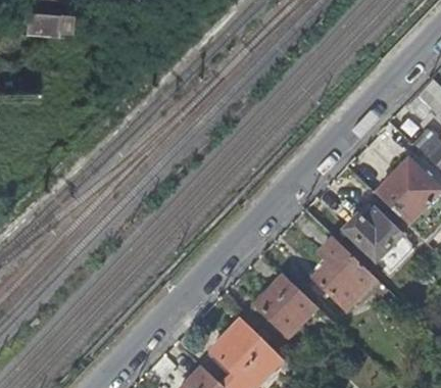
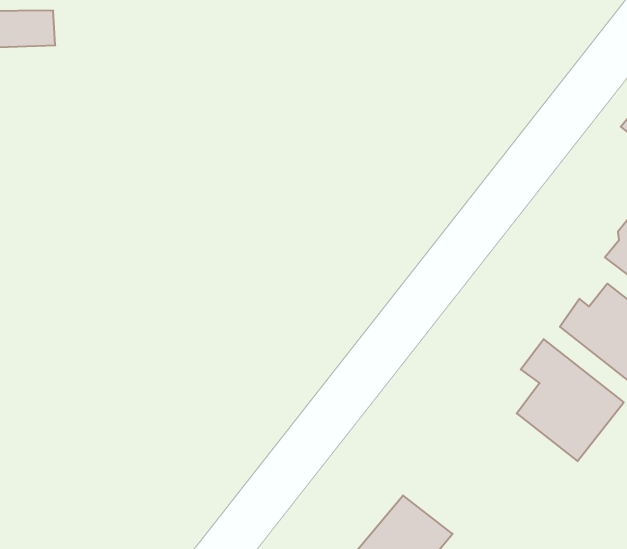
building: [255,276,317,338] -> none

